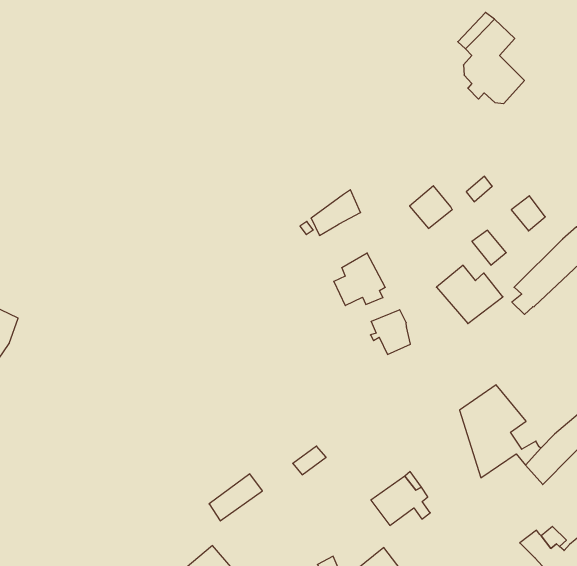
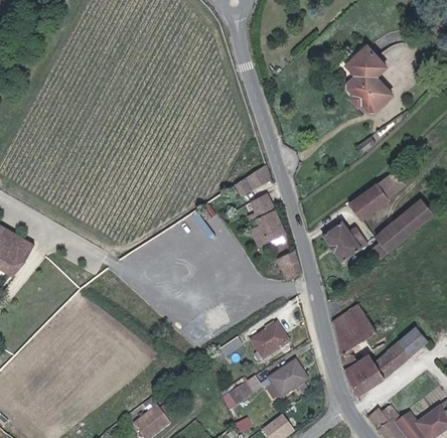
building: [410,186,452,228] -> [358,185,388,214]
building: none -> [248,194,275,222]
building: none -> [253,322,291,360]
building: none -> [344,353,387,397]
building: [209,474,262,521] -> [224,377,261,408]

